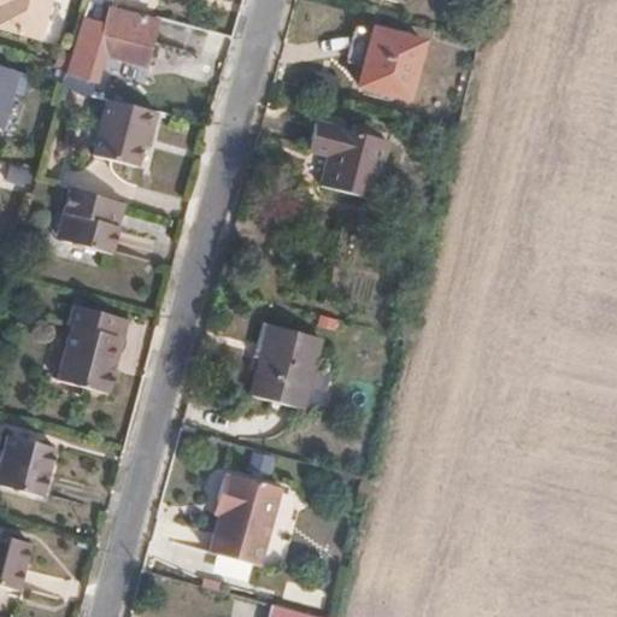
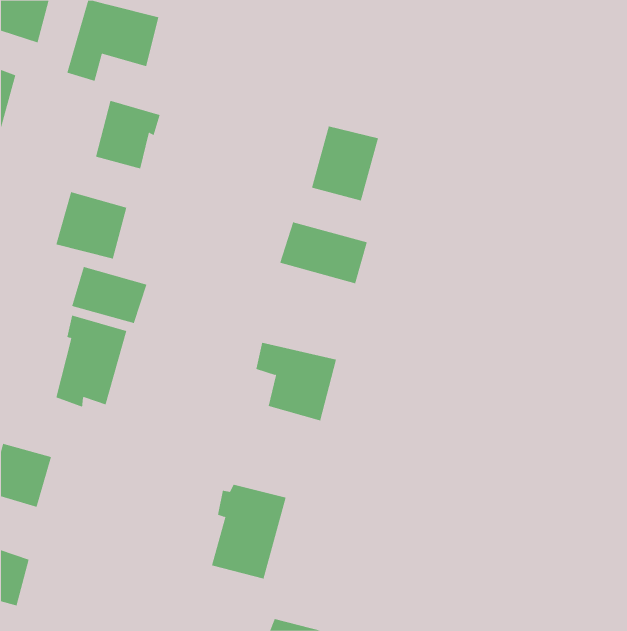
building: [358,30,421,96] -> none
building: none -> [280,221,368,284]
building: none -> [72,266,147,324]

